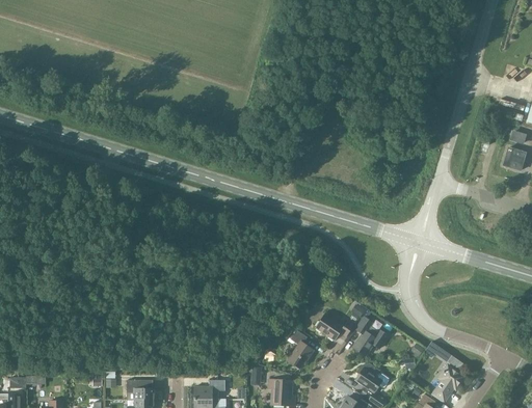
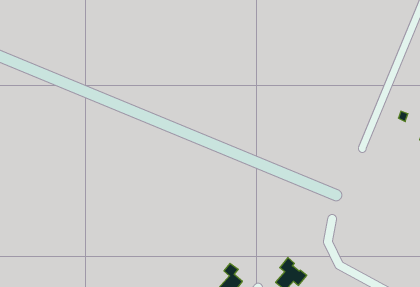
building: [315,314,353,339] -> none

